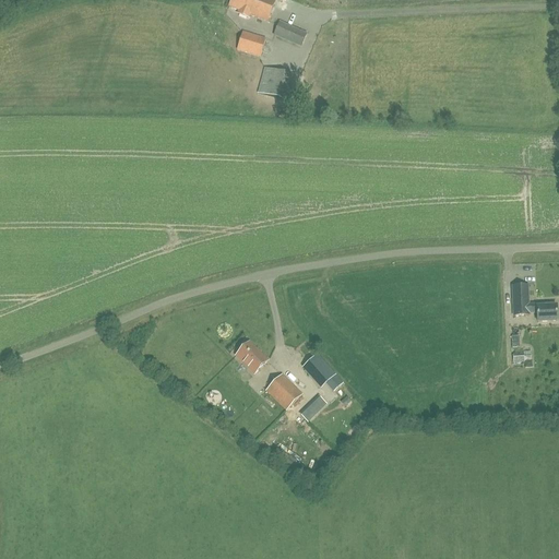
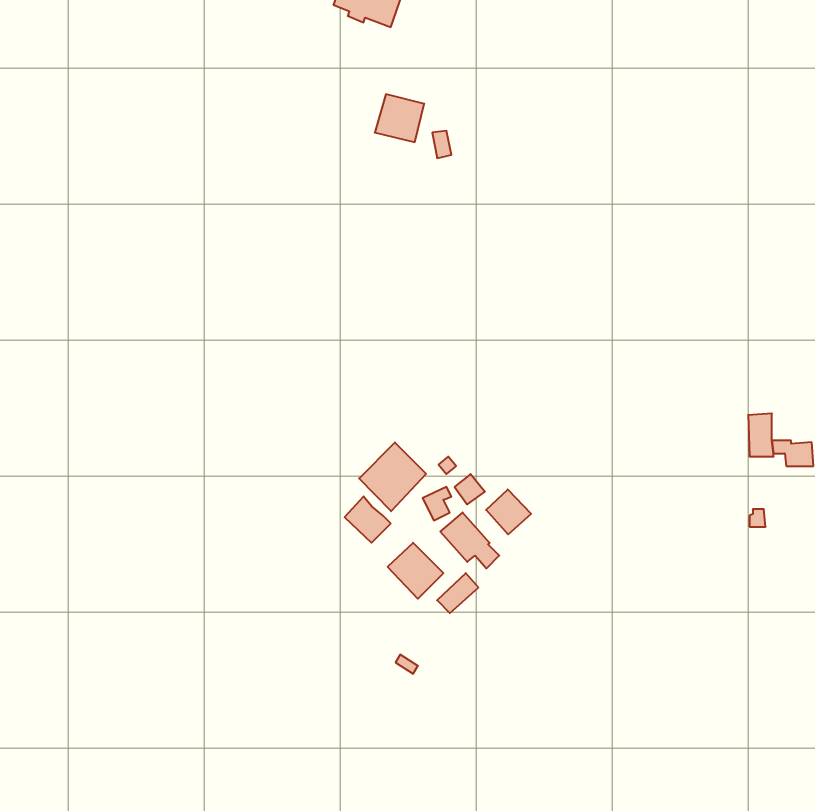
building: [273,17,307,44] -> none
building: [236,28,266,55] -> none
building: none -> [359,442,426,511]
building: none -> [486,489,531,534]

